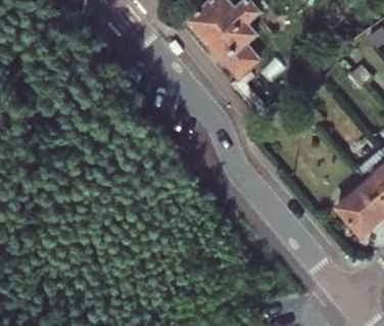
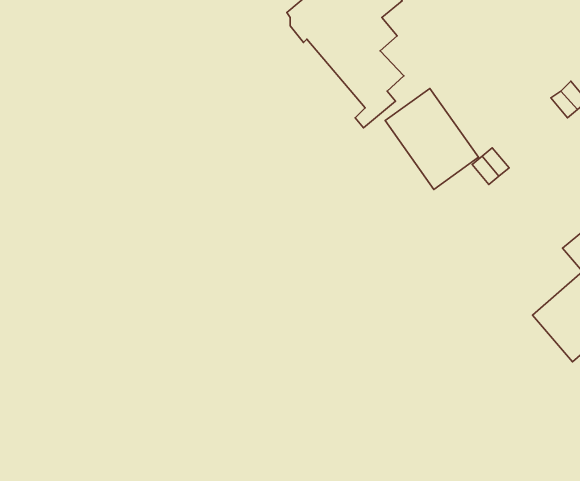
building: none -> [385,88,479,189]

